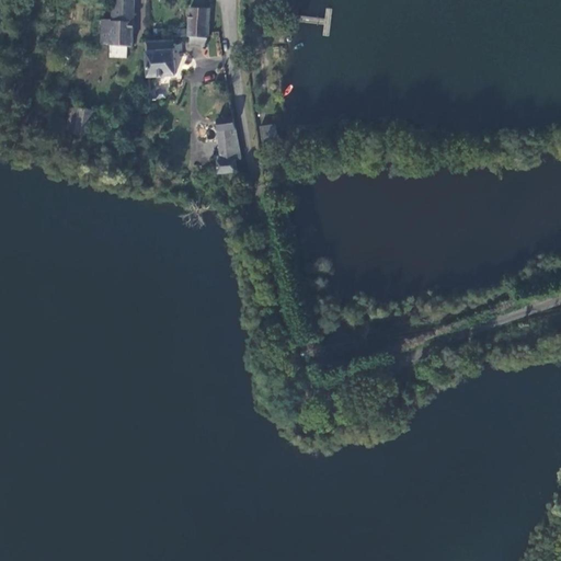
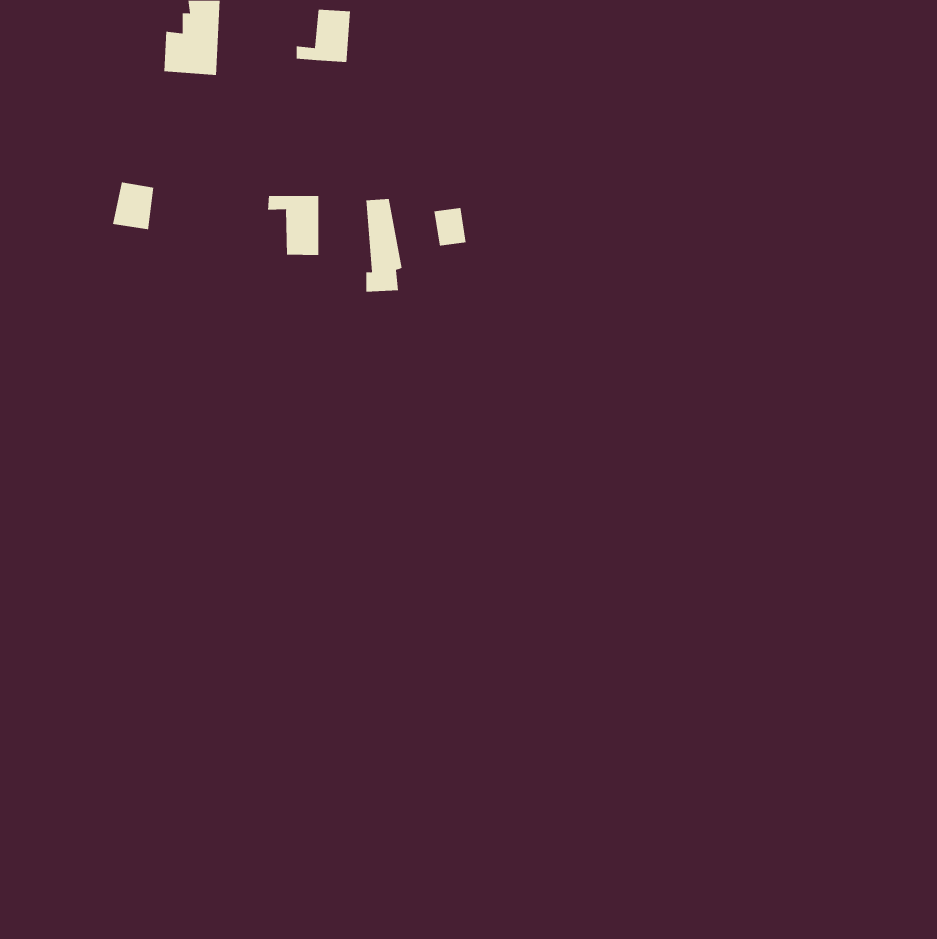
building: [147,37,174,73] -> none
building: none -> [268,195,319,256]

